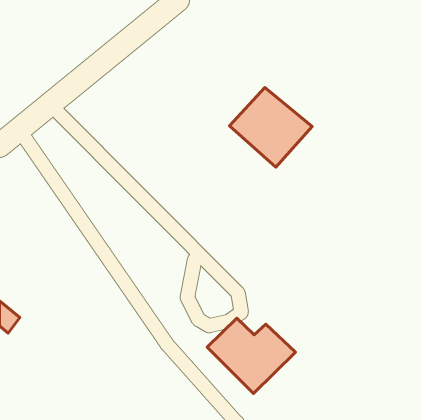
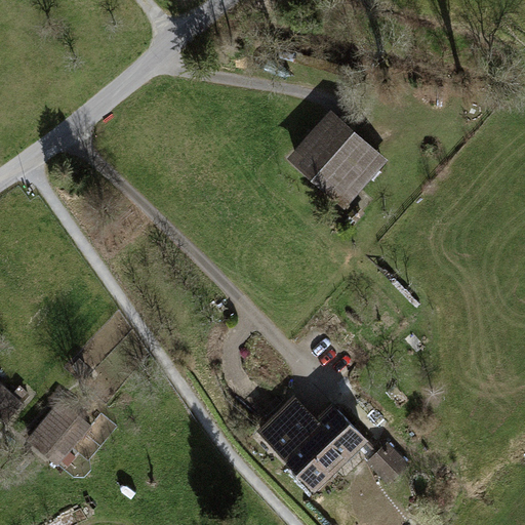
building: none -> [24,397,96,470]
building: none -> [364,443,408,486]

